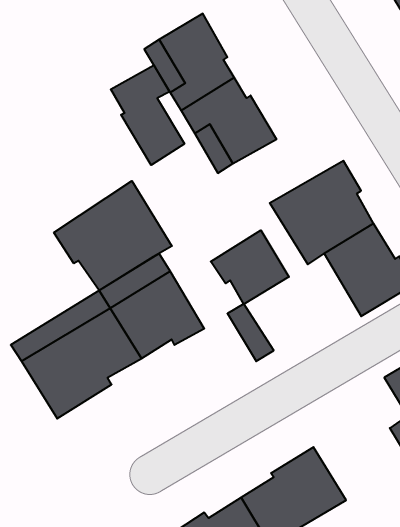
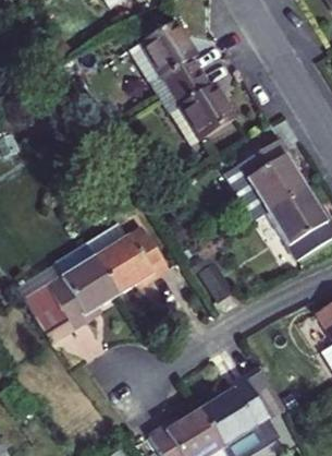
building: [111,65,184,165] -> none
building: [54,181,172,290] -> none
building: [211,230,289,304] -> none

